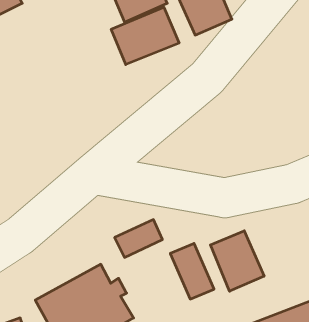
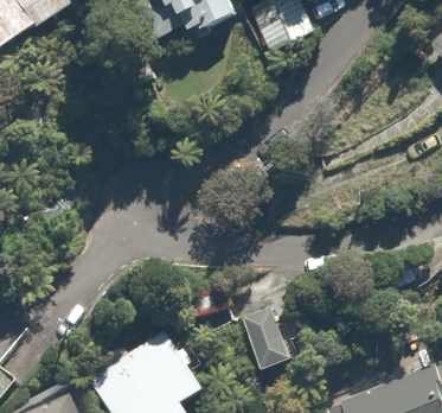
building: [111,7,179,65] -> none
building: [210,231,264,291] -> none

